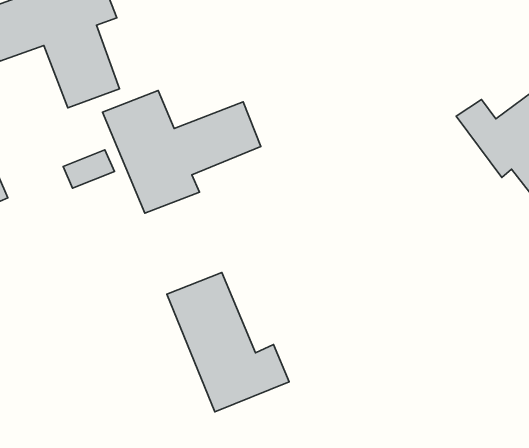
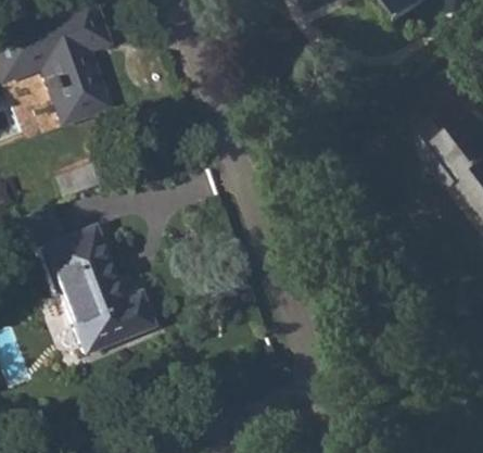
building: [103,91,261,213] -> none
building: [167,273,289,412] -> [42,230,153,356]

